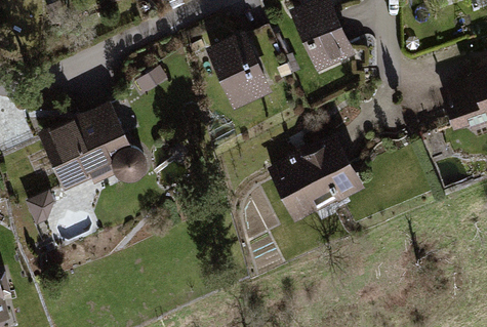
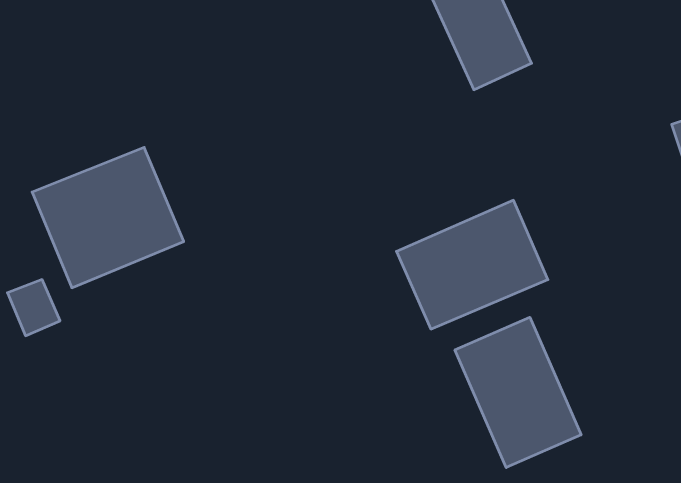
building: [205,34,271,109] -> none
building: none -> [455,317,581,468]

